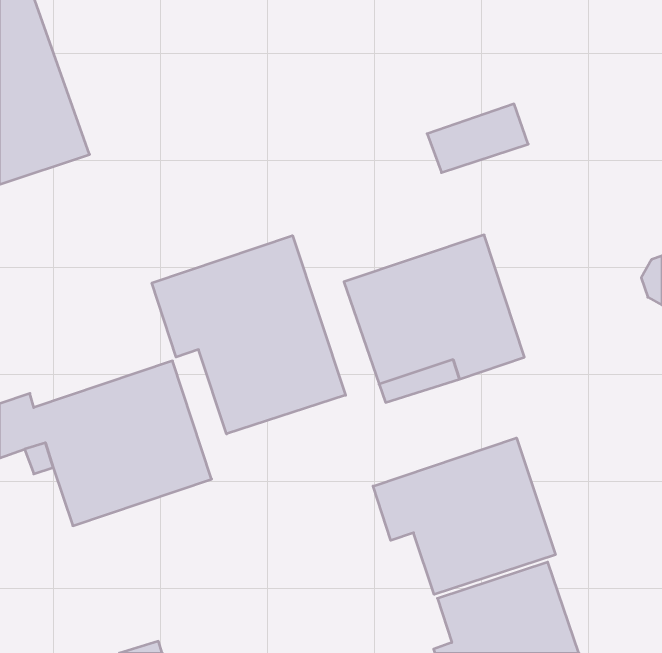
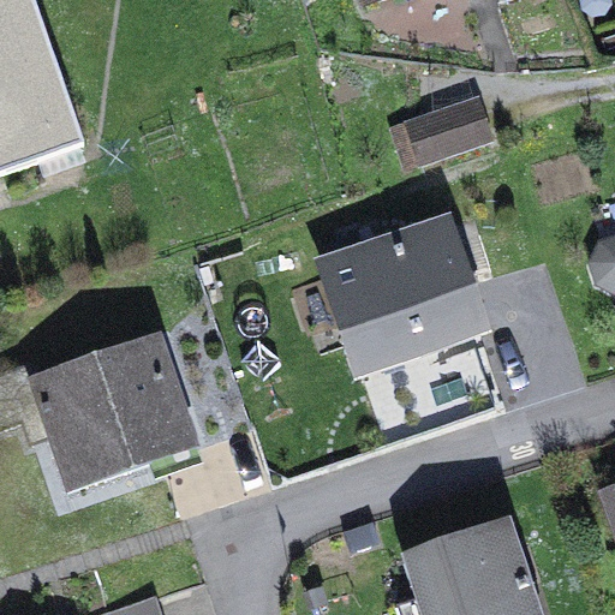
building: [152,236,346,434] -> none
building: [373,438,555,594] -> none

